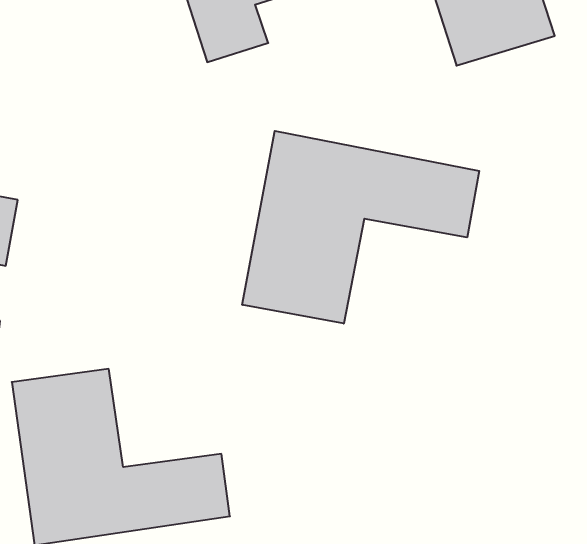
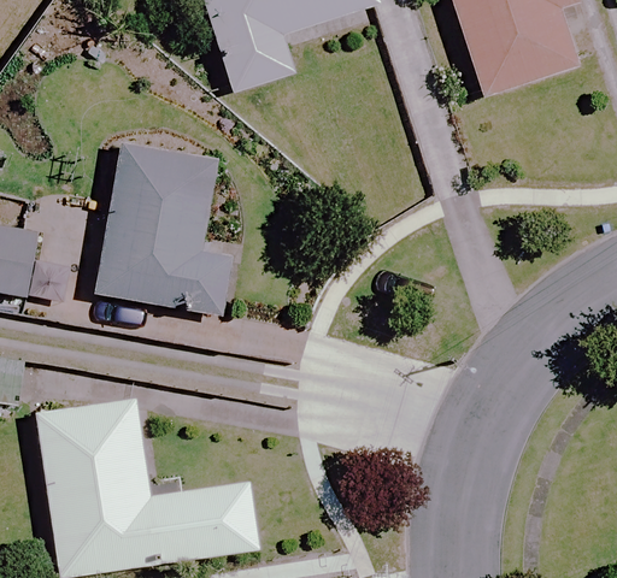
building: none -> [100,140,239,317]
building: [242,131,479,324] -> none

